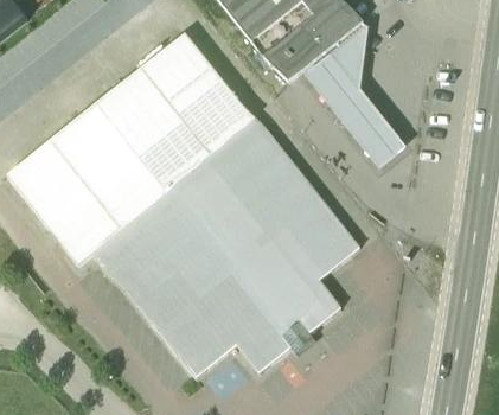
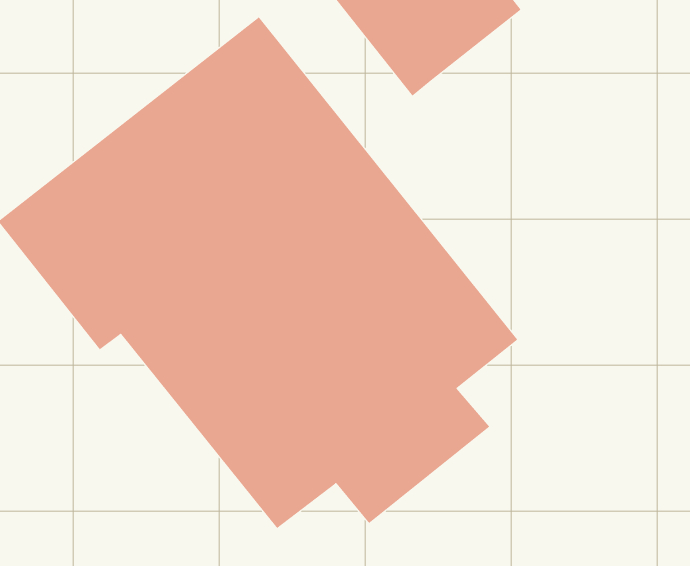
building: [300,24,405,171] -> none

